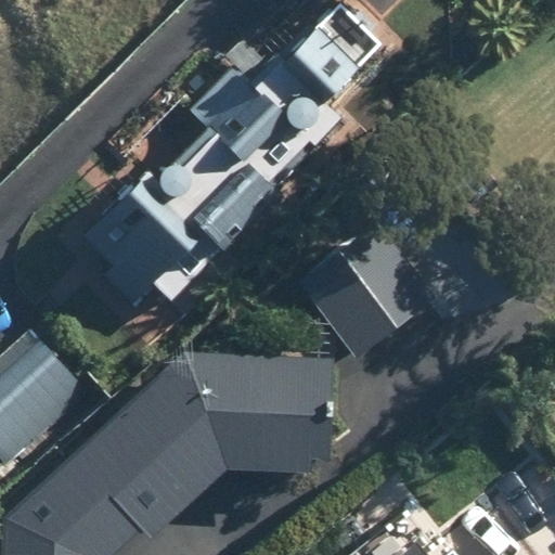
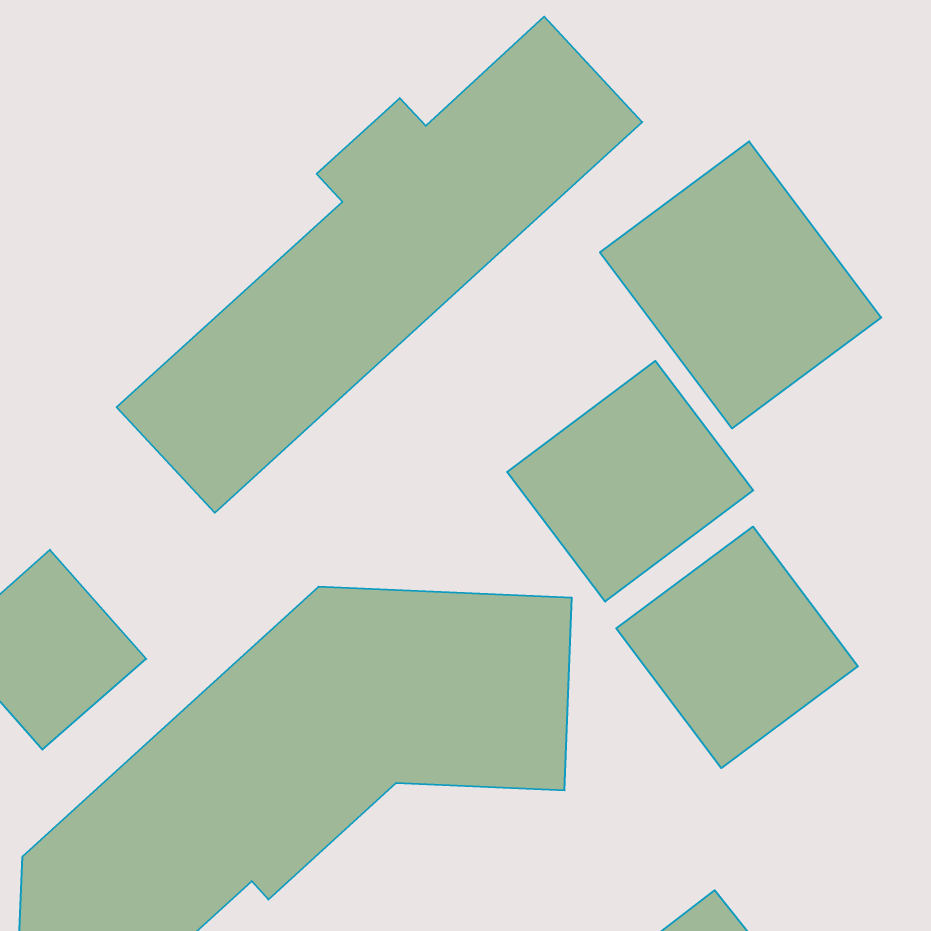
building: none -> [600,141,881,428]
building: none -> [616,527,858,768]

